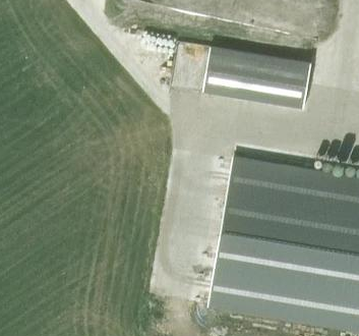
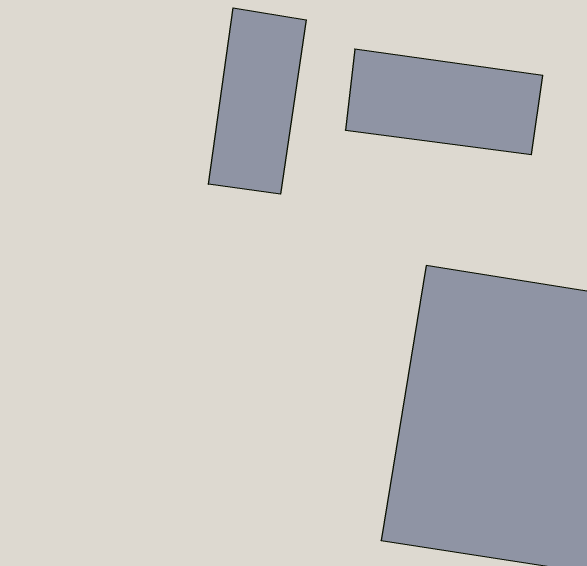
building: none -> [208,8,306,194]

